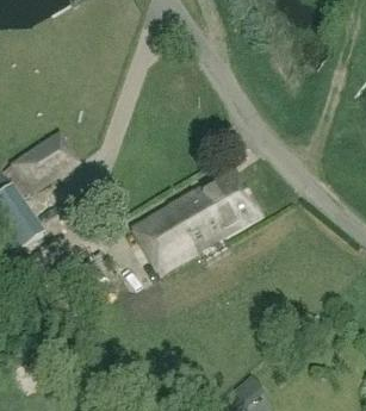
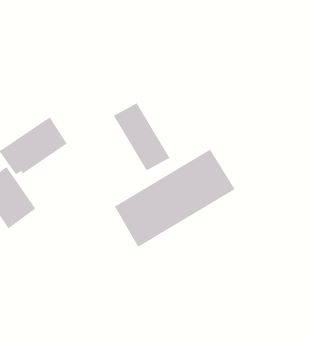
building: none -> [113,102,170,171]

